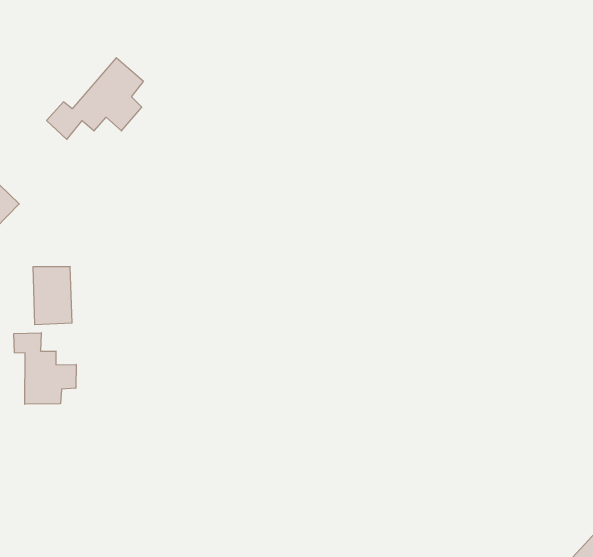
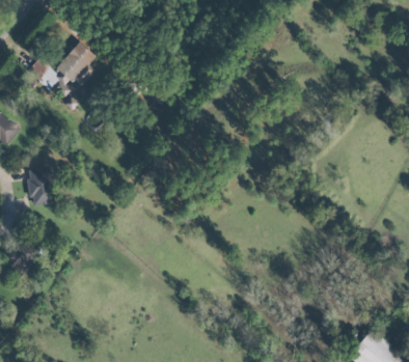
building: [14,333,76,404] -> none

